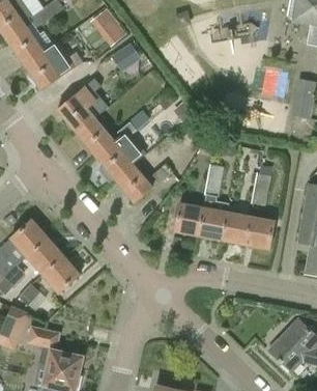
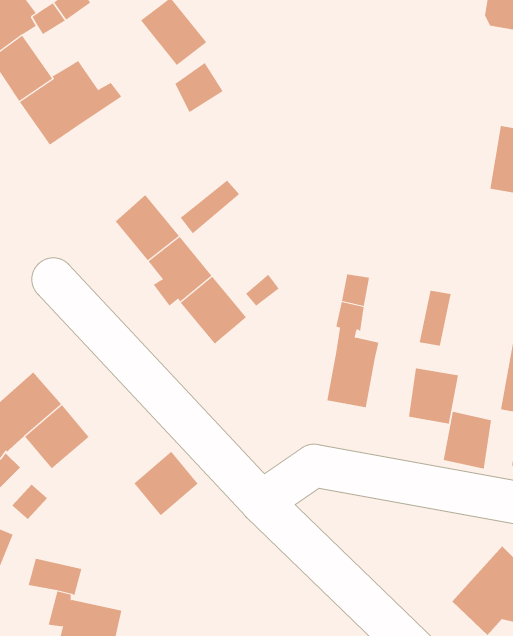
building: [58,77,102,133] -> none
building: [174,203,204,235] -> none
building: [222,212,250,245] -> [443,411,492,469]
building: [41,256,79,294] -> [133,451,199,516]

